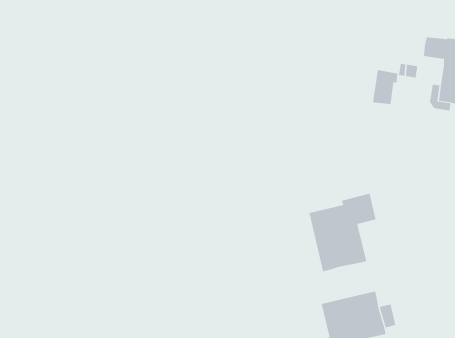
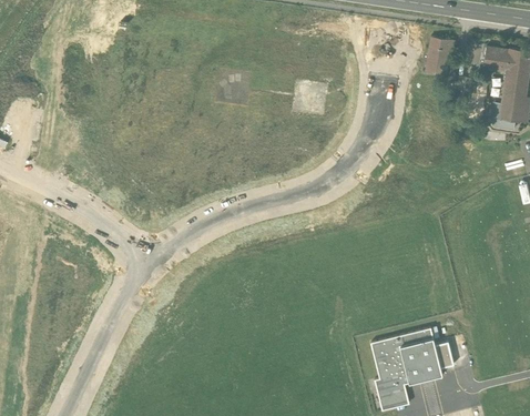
building: [372,70,398,105] -> [426,35,455,74]
building: [309,193,376,272] -> none

